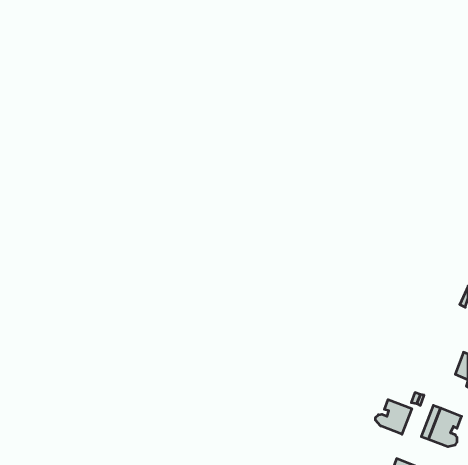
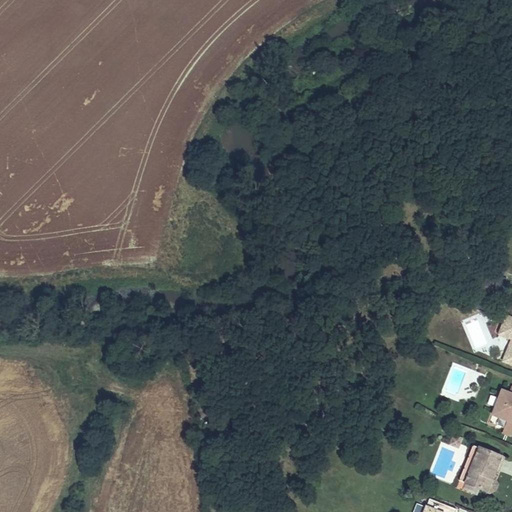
building: [375,400,412,434] -> none

